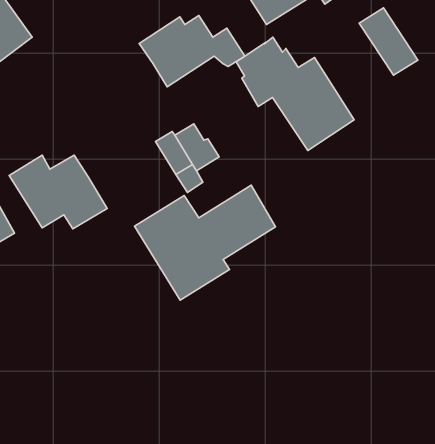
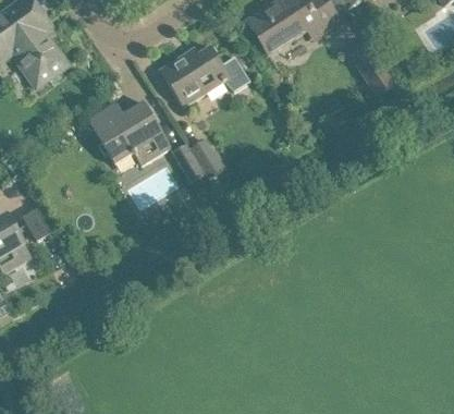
building: [236,37,354,150] -> none
building: [9,155,107,229] -> [87,101,171,165]
building: [134,185,276,300] -> none

